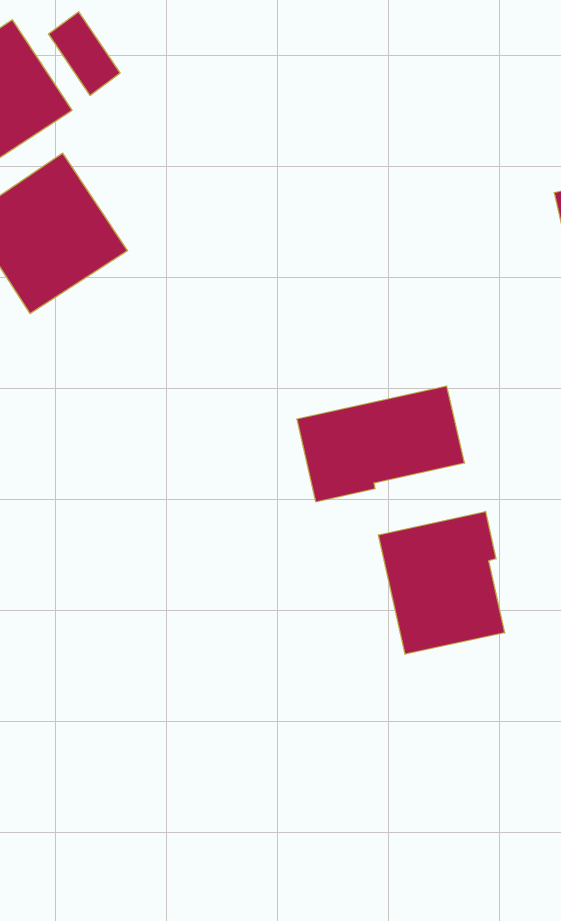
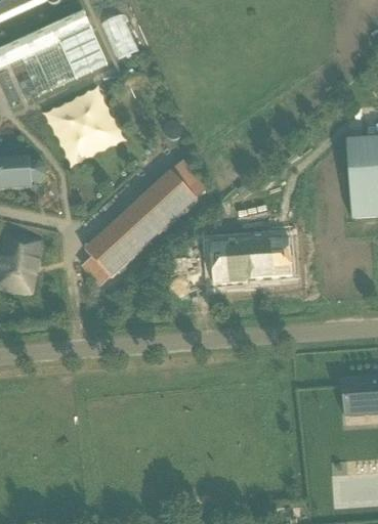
building: none -> [84,170,196,275]
building: [379,511,505,654] -> none

